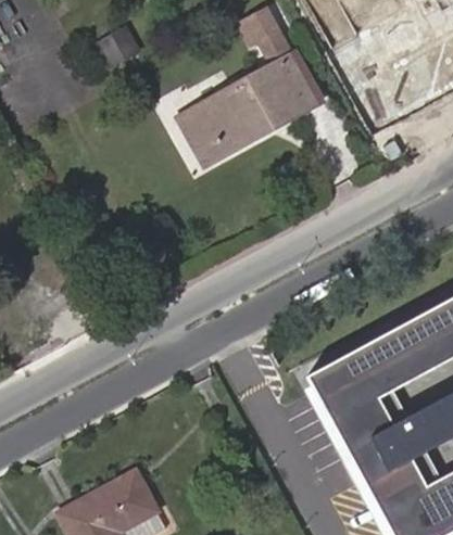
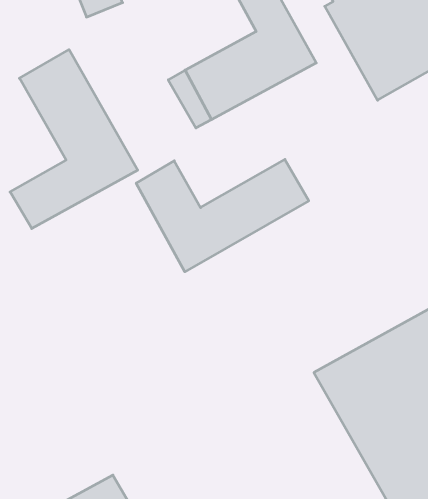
building: none -> [10,50,138,229]
building: none -> [136,159,309,272]

